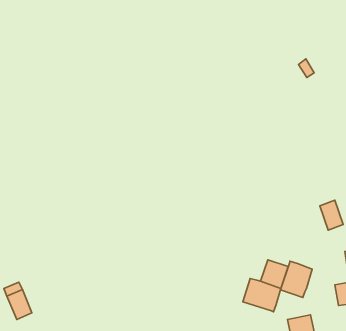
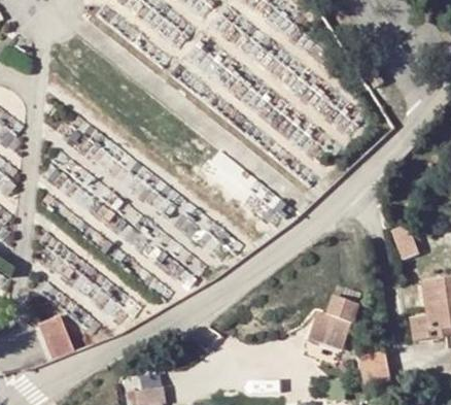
building: [280,261,312,298] -> none

